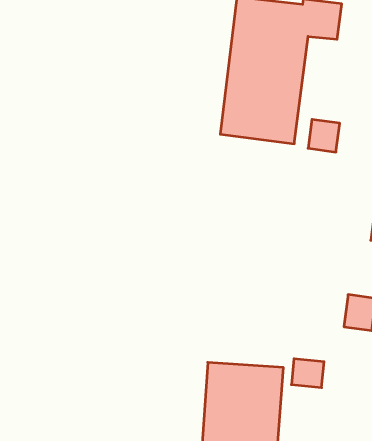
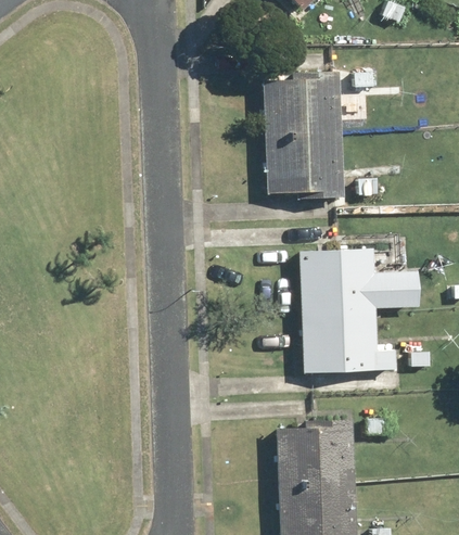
building: none -> [302,251,420,374]

